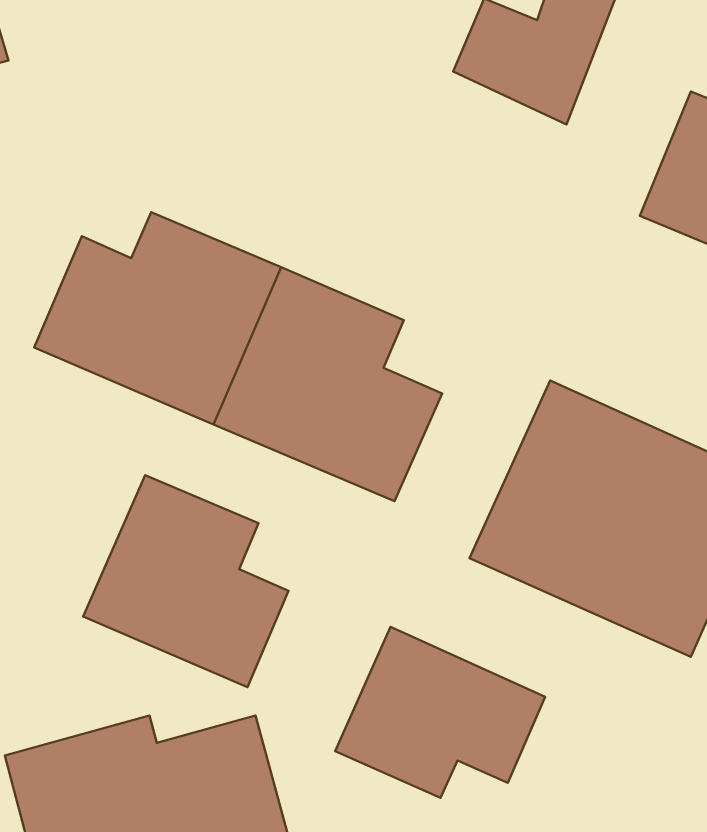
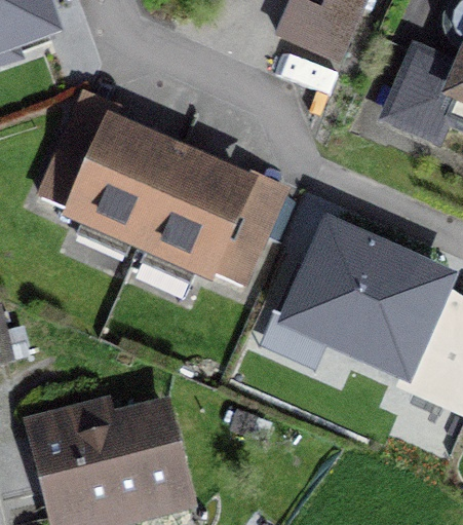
building: [83,475,289,687] -> none
building: [335,627,545,798] -> none

